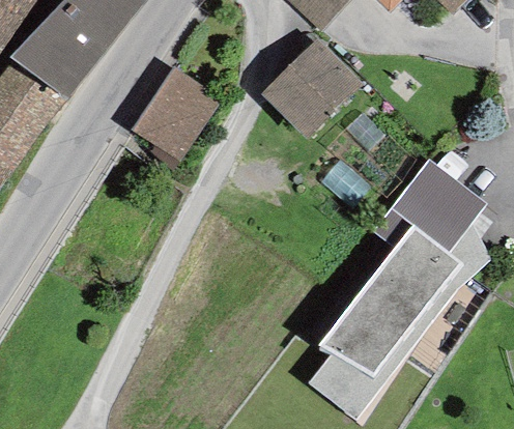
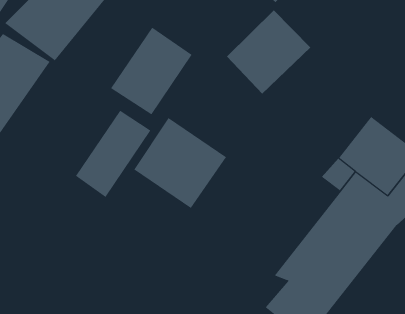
building: none -> [75,110,151,198]
building: none -> [133,117,227,209]

